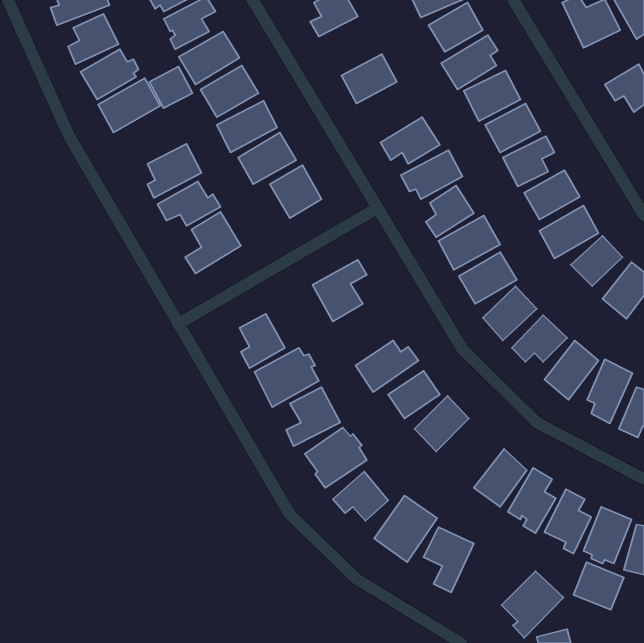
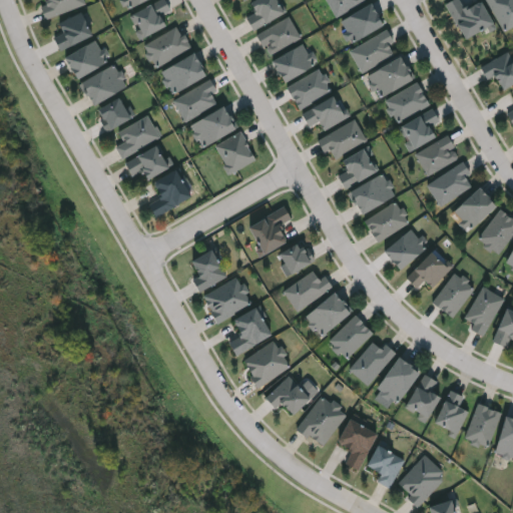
building: none -> [258,16,302,55]
building: [150,67,192,108] -> [97,97,131,130]
building: none -> [288,68,334,108]
building: none -> [278,239,313,275]
building: none -> [350,342,396,384]
building: none -> [366,444,406,488]
building: [574,562,624,610] -> none

